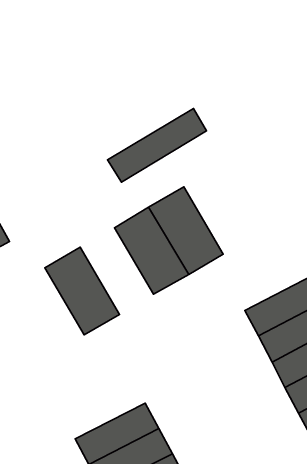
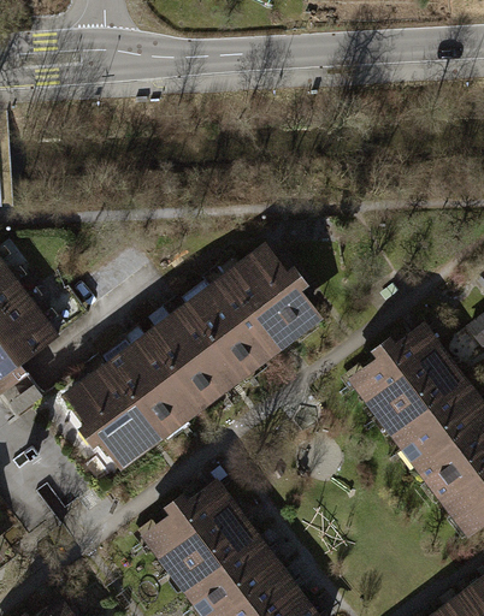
building: [108,109,206,182] -> none
building: none -> [144,306,241,410]
building: none -> [66,365,163,470]
building: none -> [148,484,247,568]

